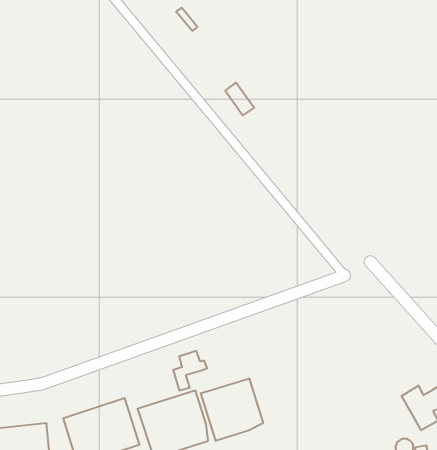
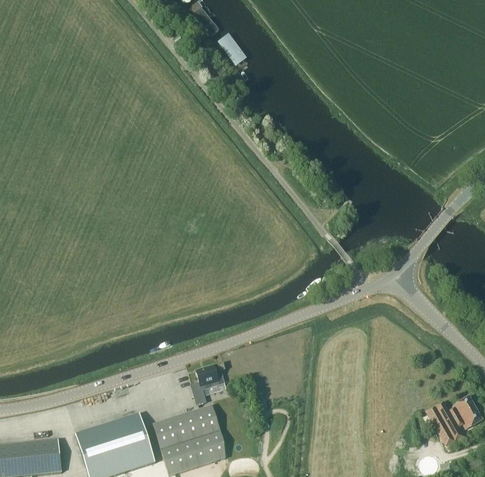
building: [225,83,254,115] -> [216,33,246,67]
building: [201,378,263,441] -> none

